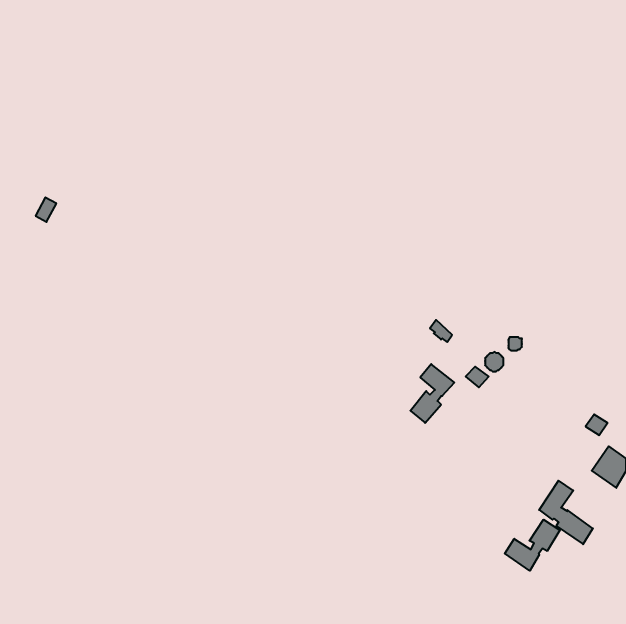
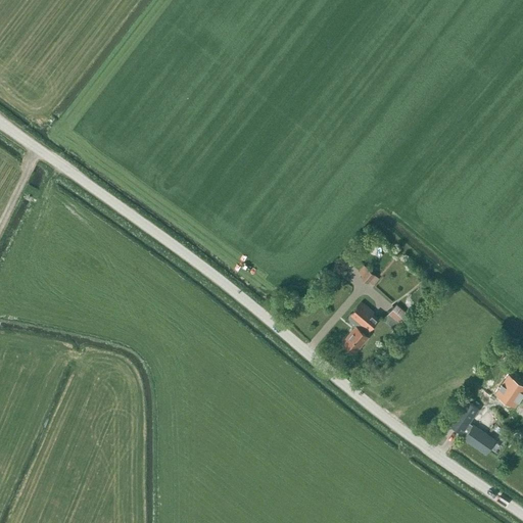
building: [505,520,560,571] -> none

